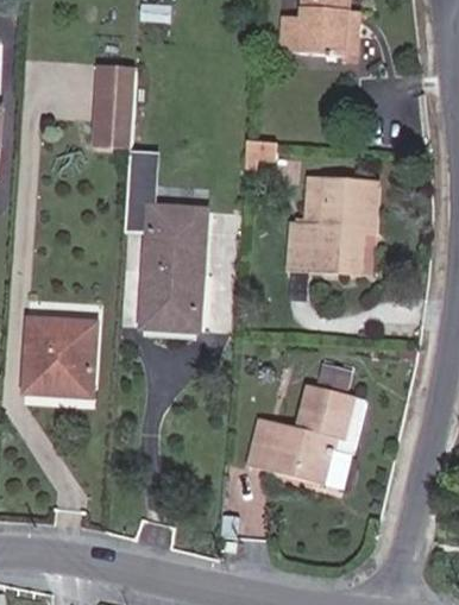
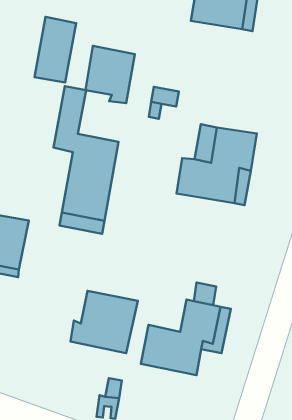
building: none -> [86,46,135,103]
building: none -> [70,291,138,353]

